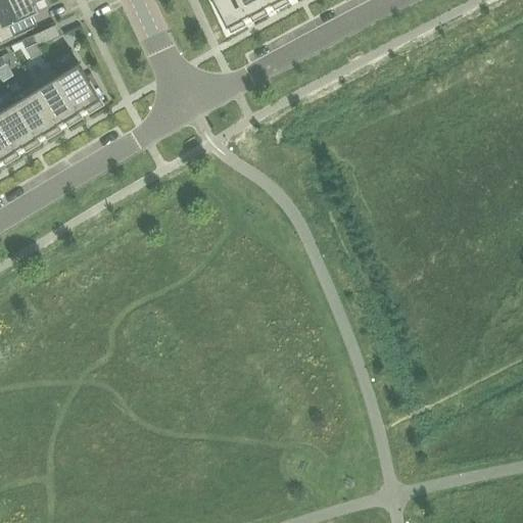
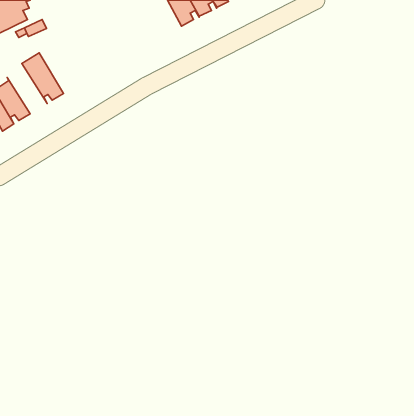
building: [49,62,101,117] -> none
building: [9,80,59,143] -> none

